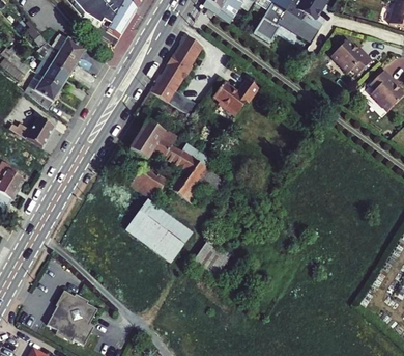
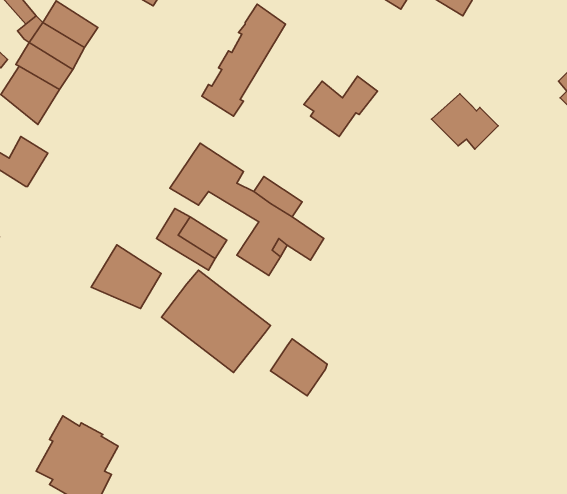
building: [329,38,371,73] -> [431,94,498,149]
building: none -> [91,245,161,308]

